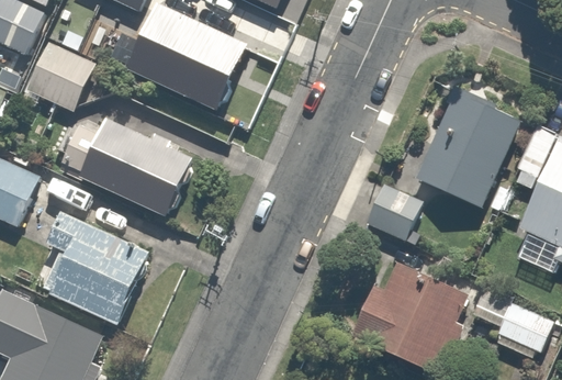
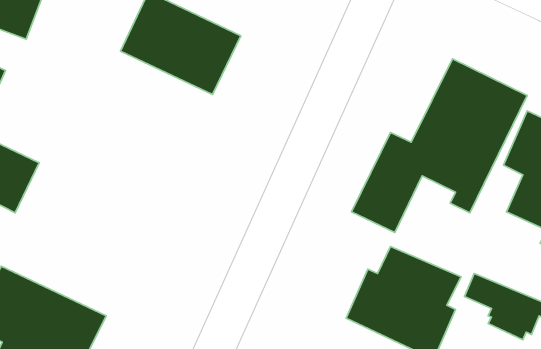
building: [25,40,95,110] -> none
building: [60,113,196,216] -> none
building: [41,206,154,327] -> none

